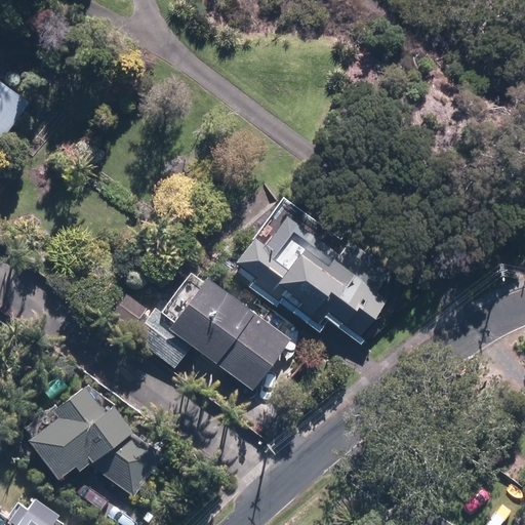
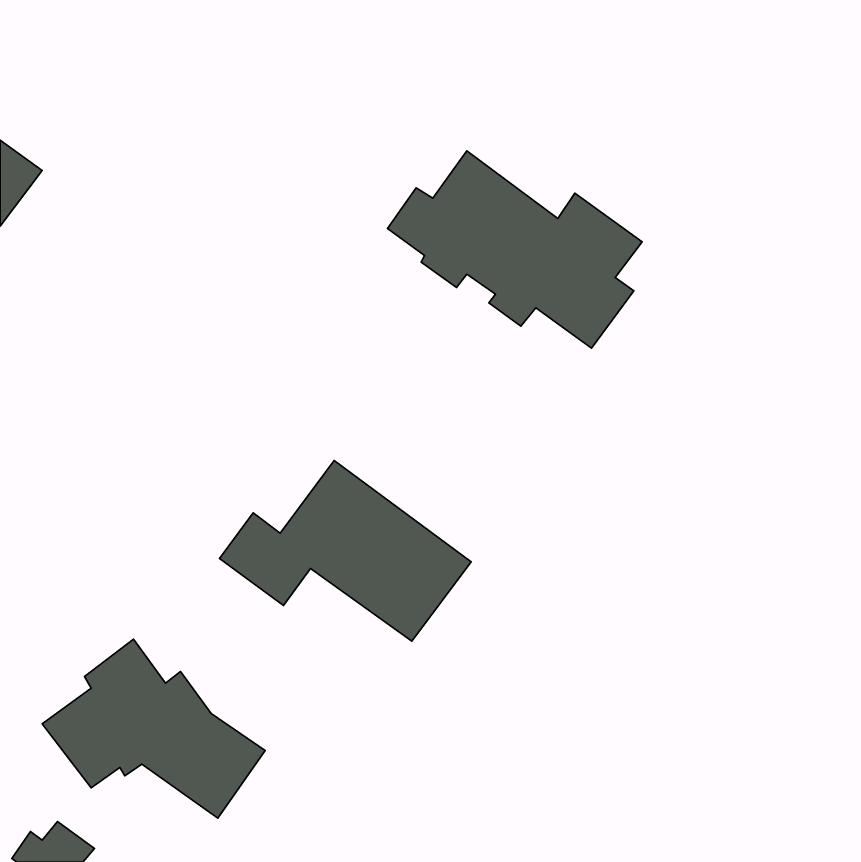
building: [238,213,393,333] -> [387,151,642,348]

